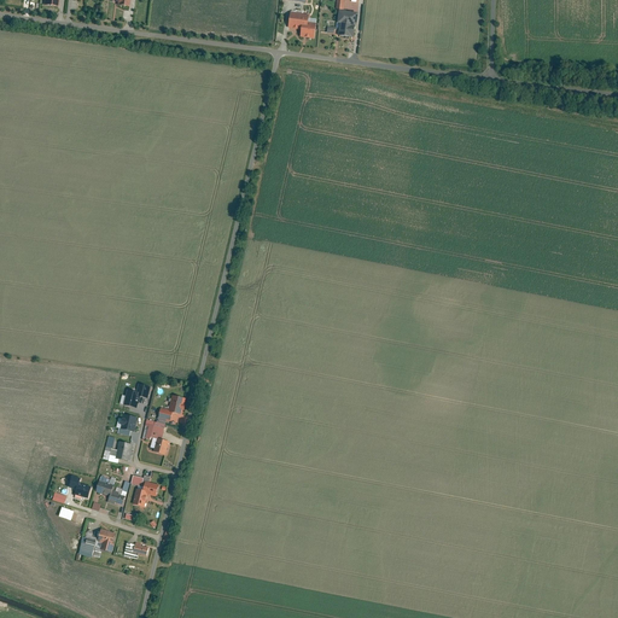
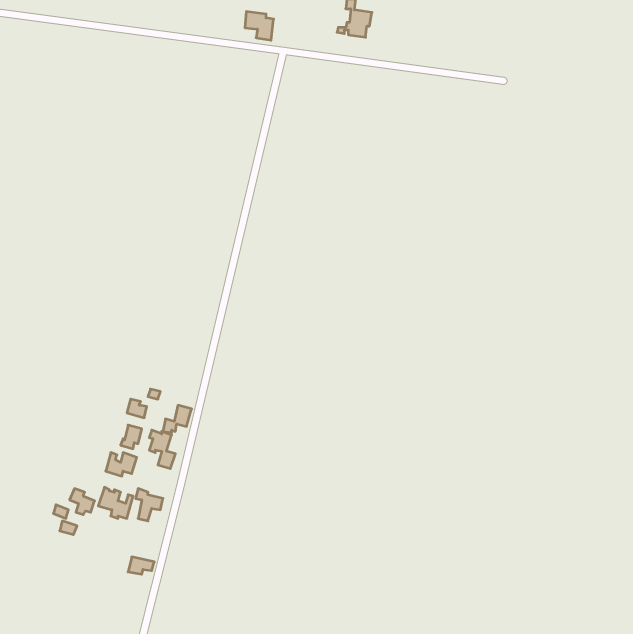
building: [288,11,316,39] -> [245,12,274,40]
building: [80,527,117,556] -> none

